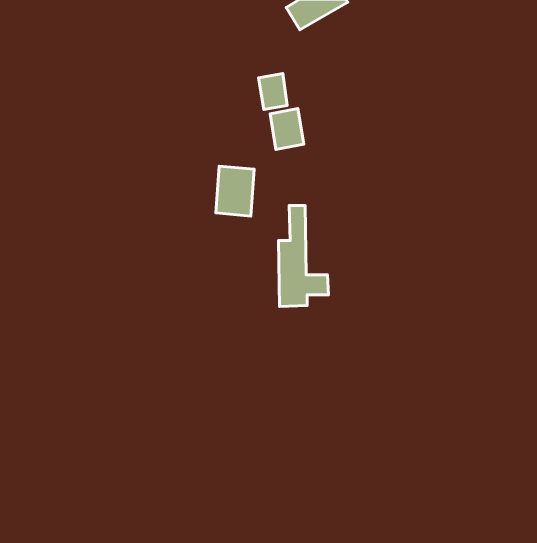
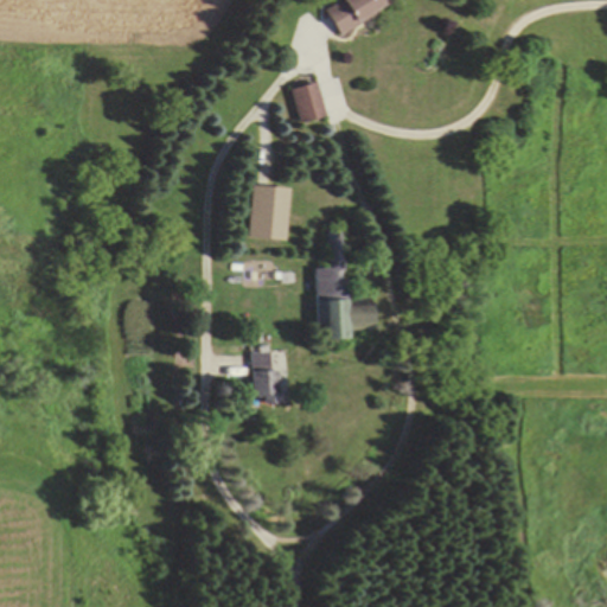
building: [270,109,304,149] -> none
building: none -> [253,350,277,400]

